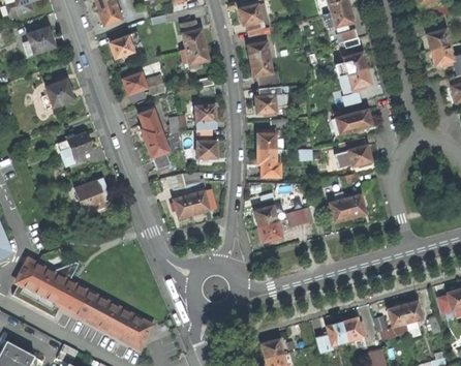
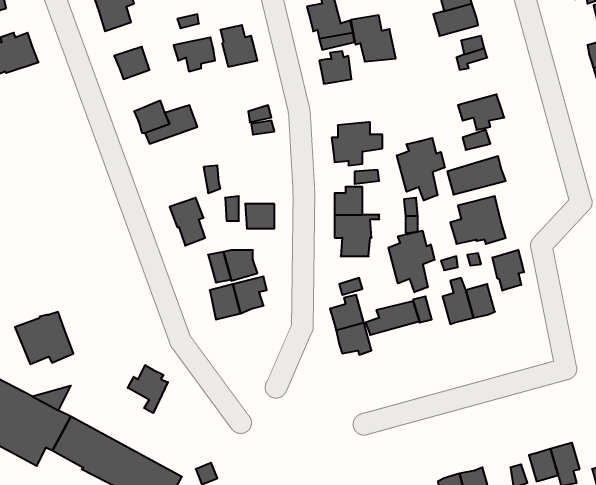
building: [180,44,208,67] -> [174,37,215,71]
building: [335,51,365,74] -> none
building: [249,57,279,88] -> [351,15,396,62]
building: [44,79,75,108] -> none
building: none -> [397,138,445,200]
building: [195,104,216,128] -> none
building: [137,108,163,143] -> none
building: [60,131,95,164] -> none
building: none -> [389,231,435,292]
building: none -> [492,250,524,291]
building: [76,177,116,212] -> [15,312,73,364]
building: none -> [128,365,168,413]

